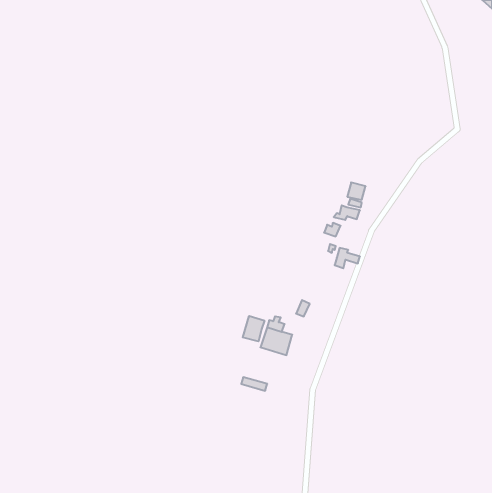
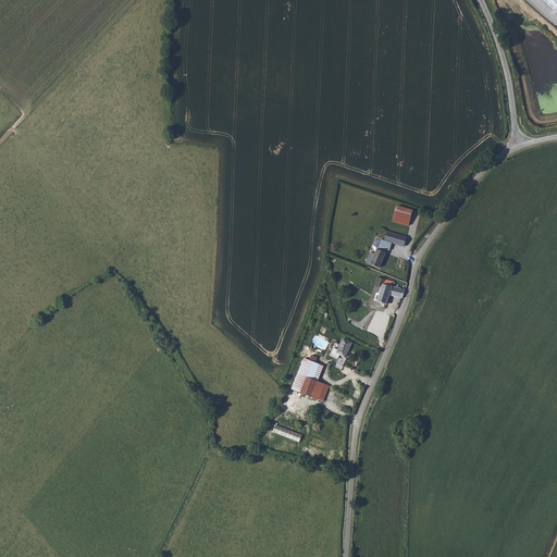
building: [243,316,264,341] -> none

